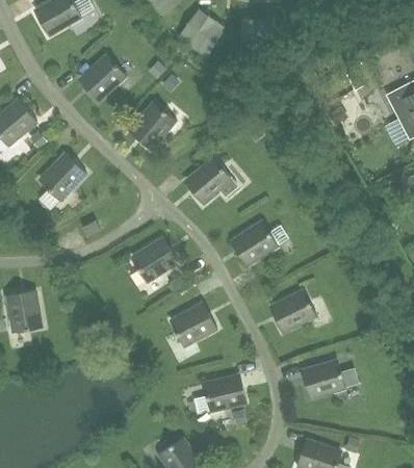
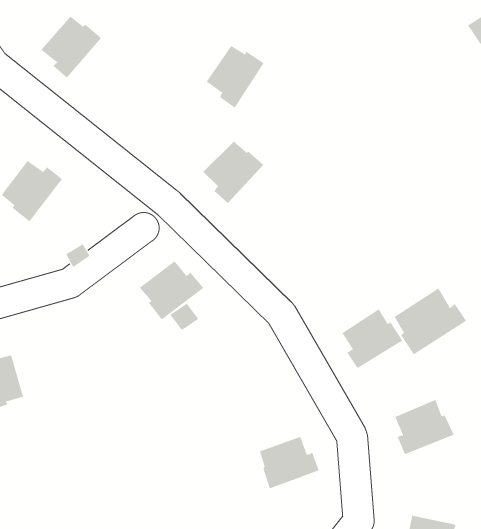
building: [132,103,176,149] -> [206,45,265,109]
building: [234,222,279,265] -> none
building: none -> [394,288,467,355]
building: [172,305,217,345] -> none

